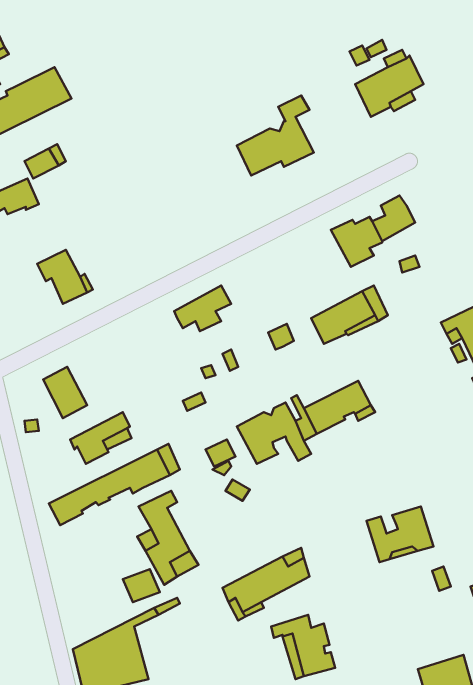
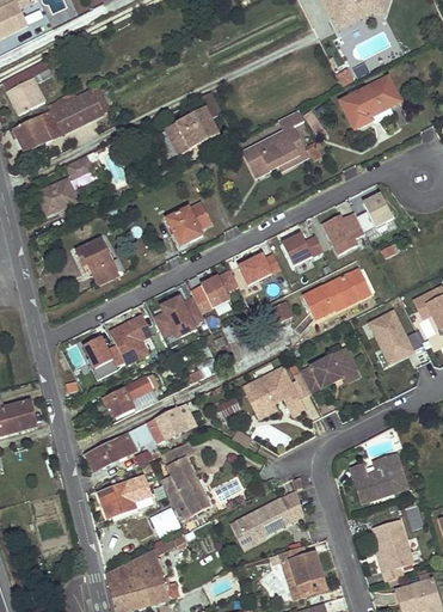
building: none -> [165,91,223,155]
building: none -> [166,203,210,245]
building: none -> [283,234,324,265]
building: none -> [236,253,273,288]
building: none -> [154,296,204,337]
building: none -> [370,311,424,363]
building: none -> [107,314,152,368]
building: none -> [98,482,137,518]
building: none -> [373,519,414,581]

